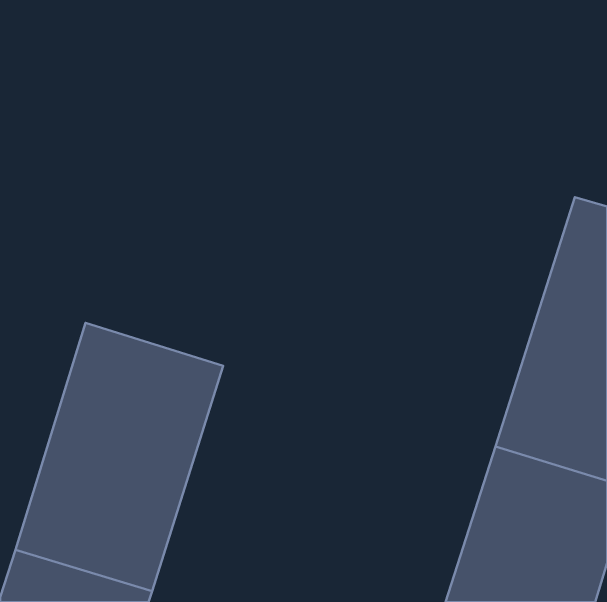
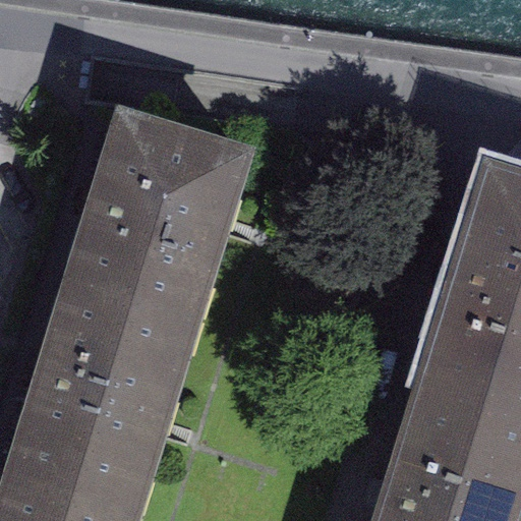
building: none -> [73,116,241,313]

